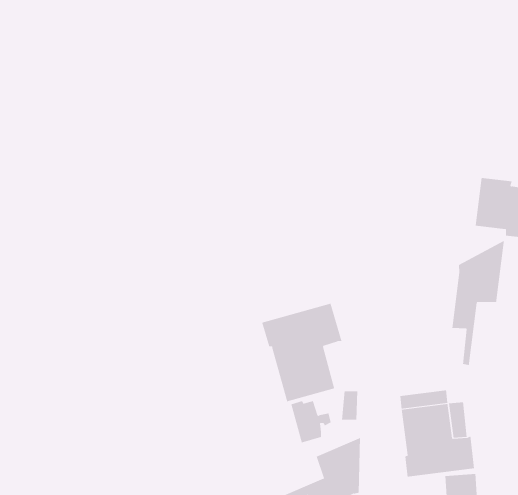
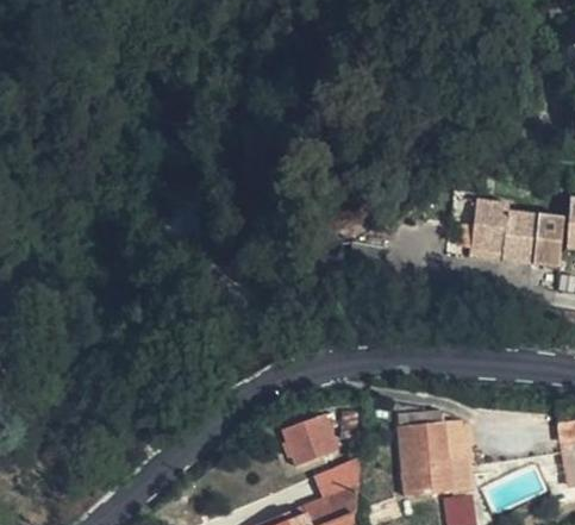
building: [452,240,504,366] -> none
building: [262,303,342,402] -> none

